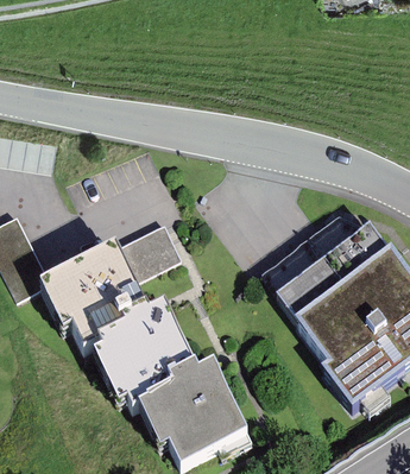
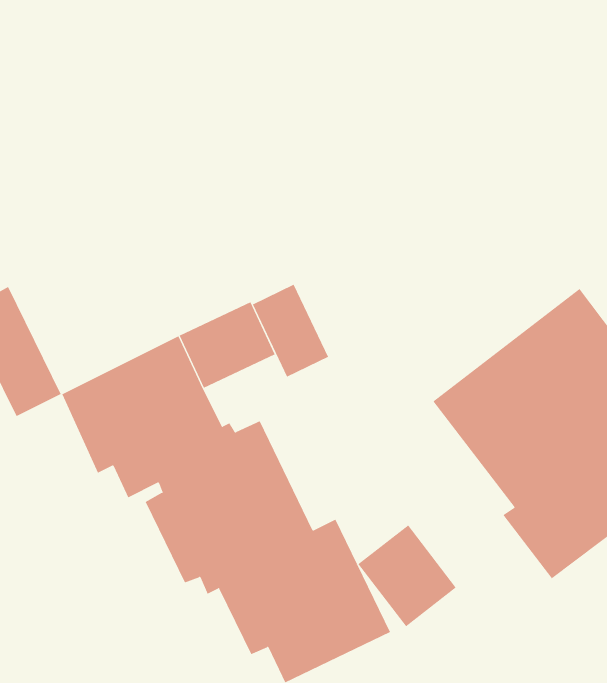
building: none -> [252,284,329,378]
building: none -> [358,525,457,627]

